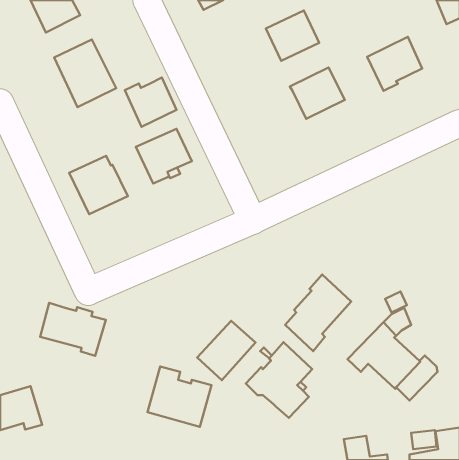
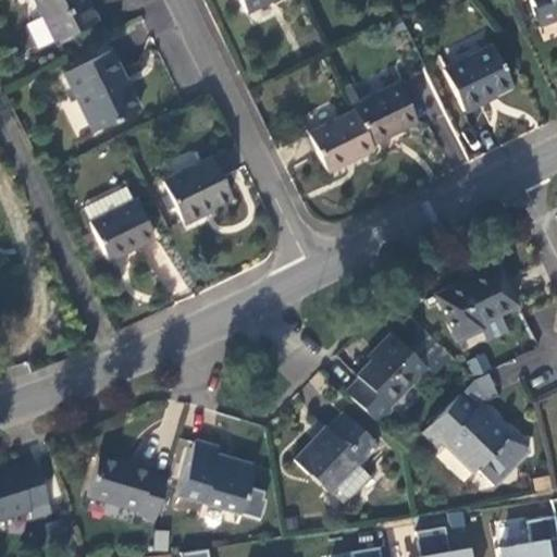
building: [266,10,319,61] -> [309,110,373,171]
building: [125,78,177,127] -> none
building: none -> [437,264,519,341]
building: [40,303,106,356] -> [89,457,169,521]
building: [197,321,255,380] -> none

